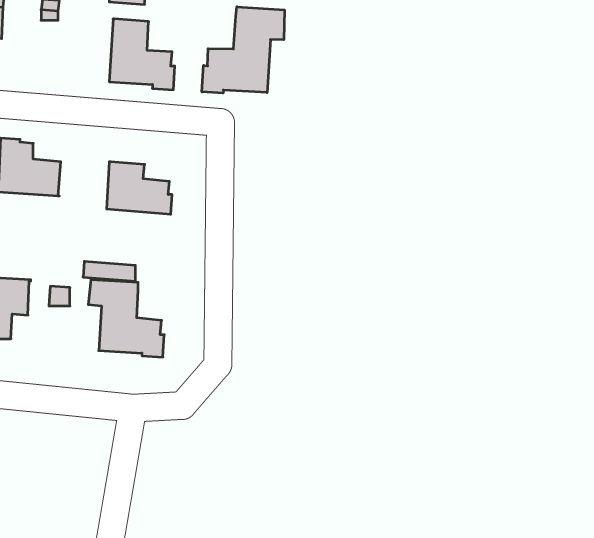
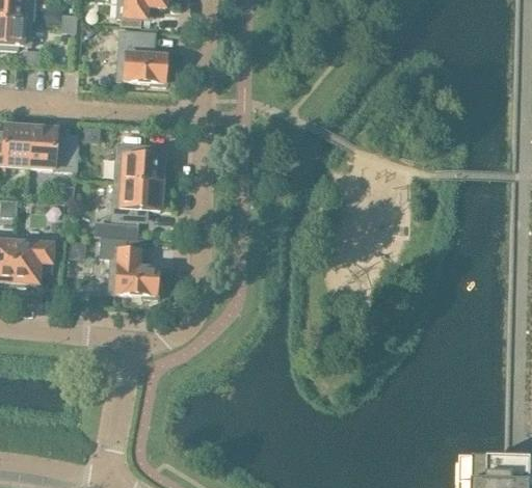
building: [202,7,284,93] -> none
building: none -> [112,180,165,220]

